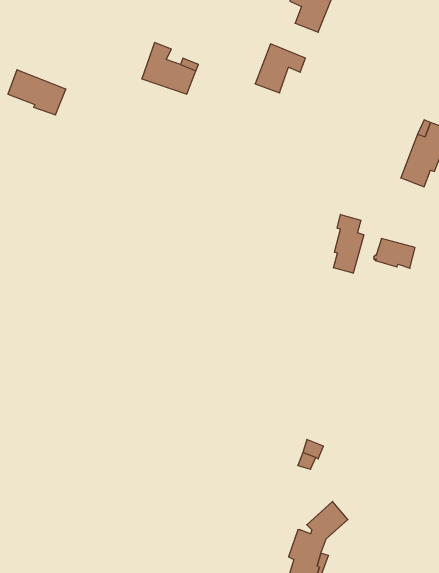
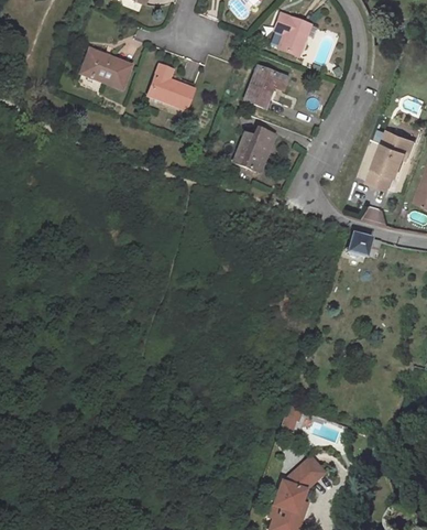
building: [8,70,66,115] -> [81,48,131,87]
building: none -> [233,127,275,172]
building: [334,214,364,273] -> none

